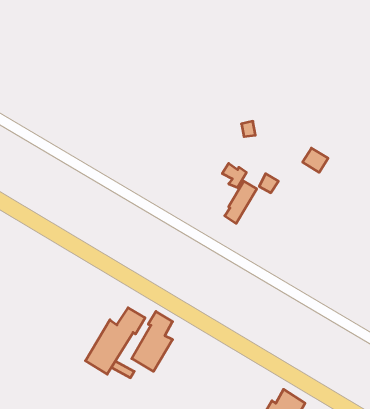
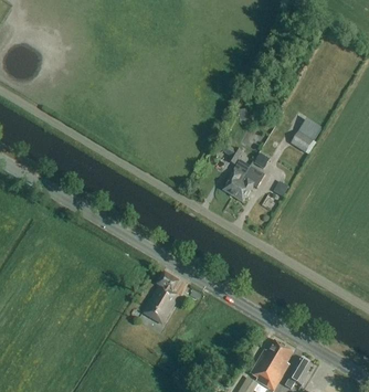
building: none -> [233,166,265,201]
building: [85,308,145,374] -> none

